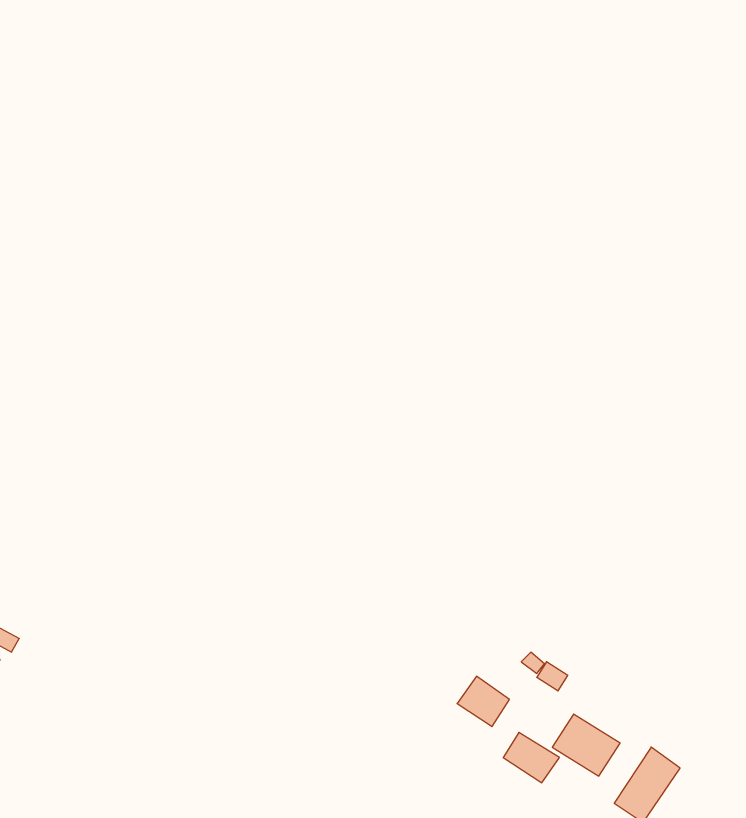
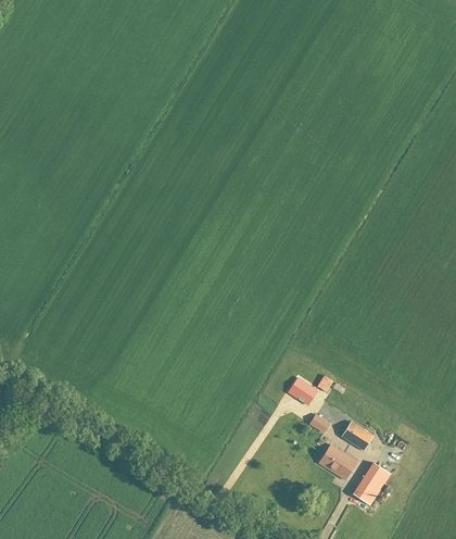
building: [457,676,509,727] -> [288,377,317,405]
building: [503,732,559,783] -> [342,421,373,449]

